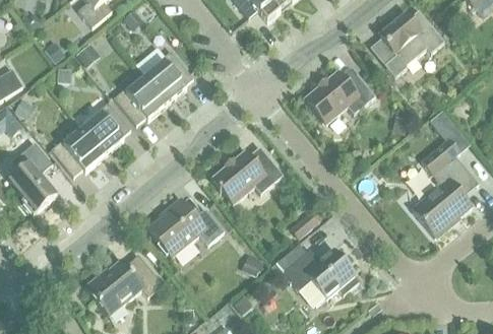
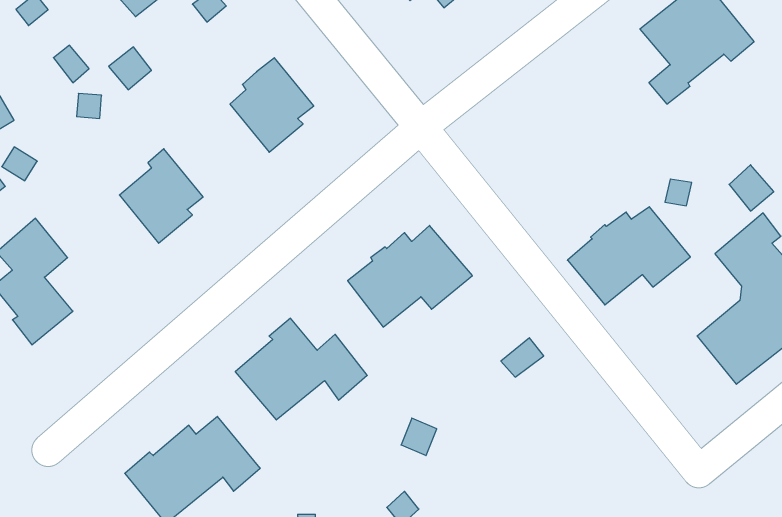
building: [304,67,374,123] -> [567,207,690,305]
building: [113,76,167,124] -> none
building: [50,128,104,176] -> none
building: [275,245,359,304] -> none

